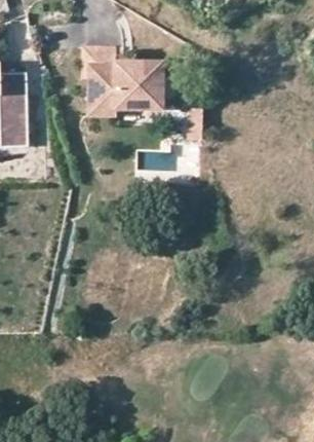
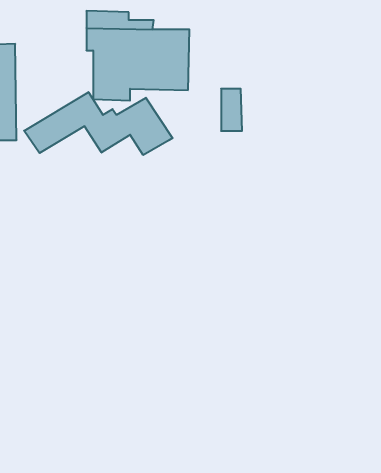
building: none -> [24,92,173,155]

